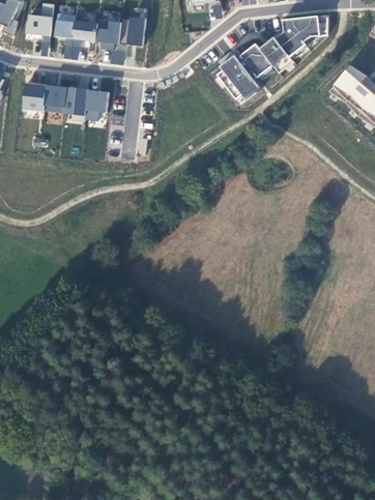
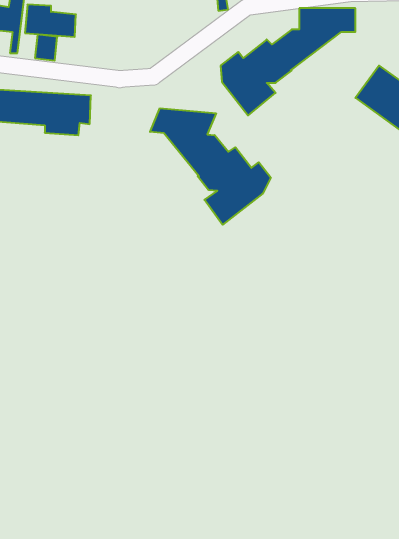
building: [97,17,146,62] -> none
building: none -> [150,108,271,225]

